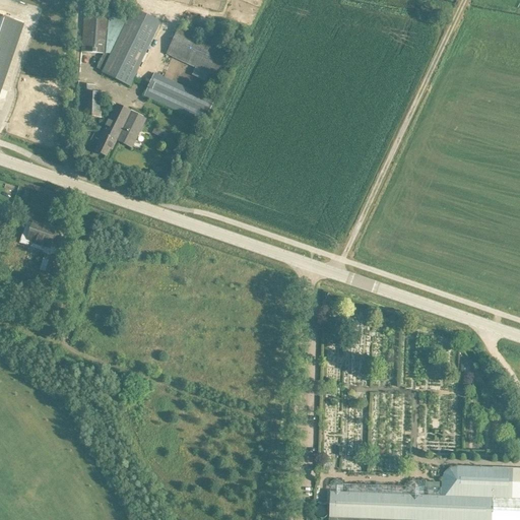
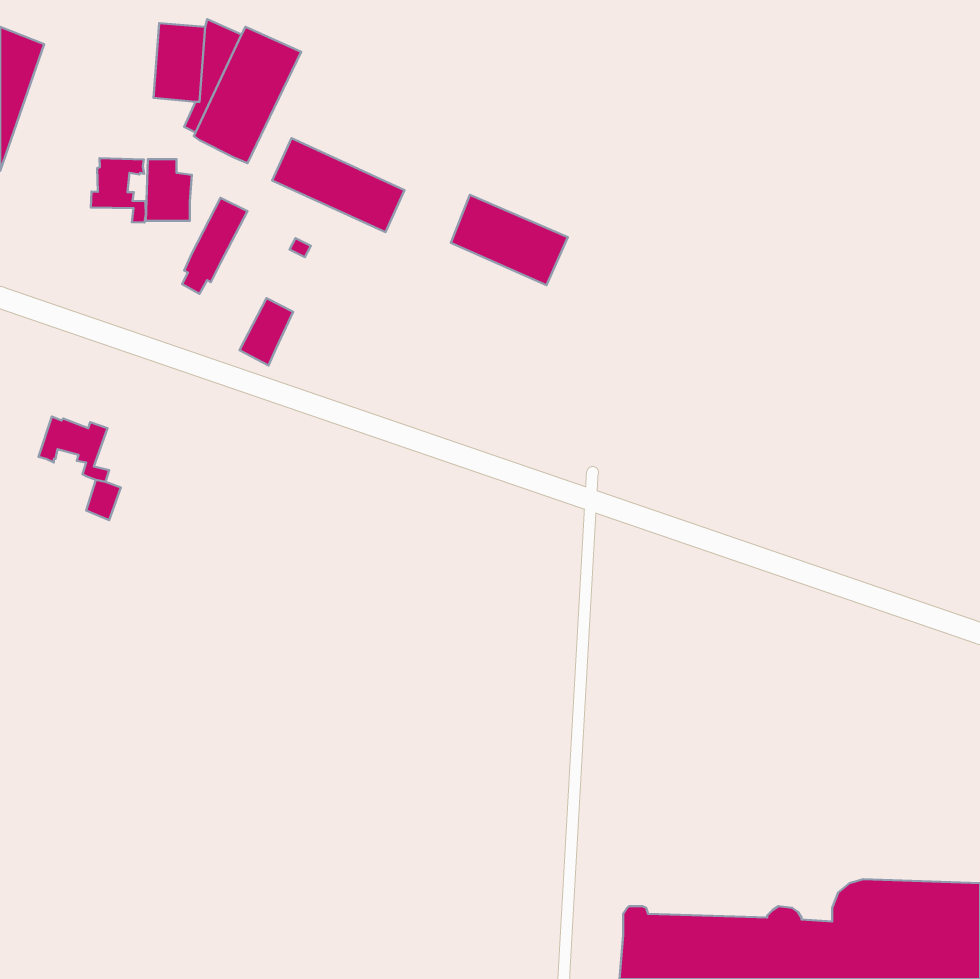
building: [168,29,230,77] -> [451,195,568,285]
building: none -> [91,158,146,223]
building: [117,112,145,147] -> [240,298,293,365]

